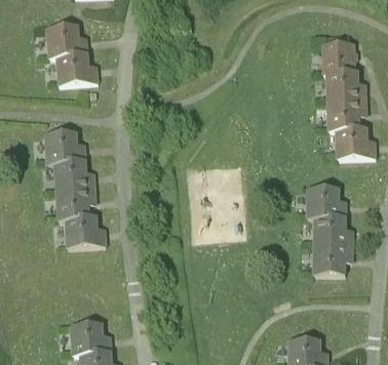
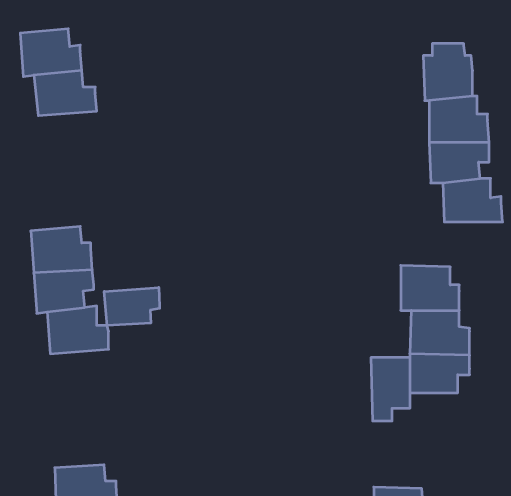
building: [43,131,86,163] -> none
building: none -> [104,287,160,325]
building: none -> [371,357,410,421]

